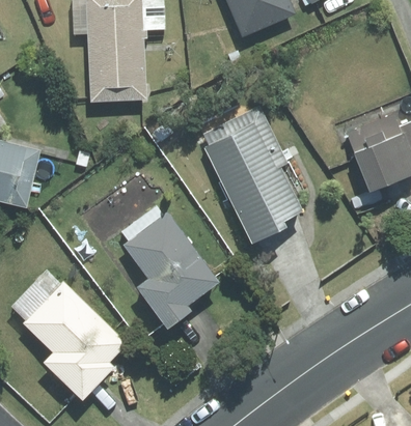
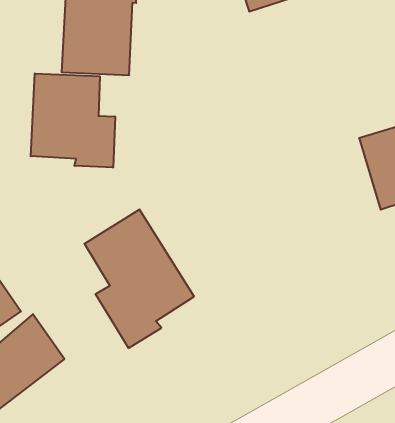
building: none -> [31,73,115,168]
building: [202,106,305,243] -> none

